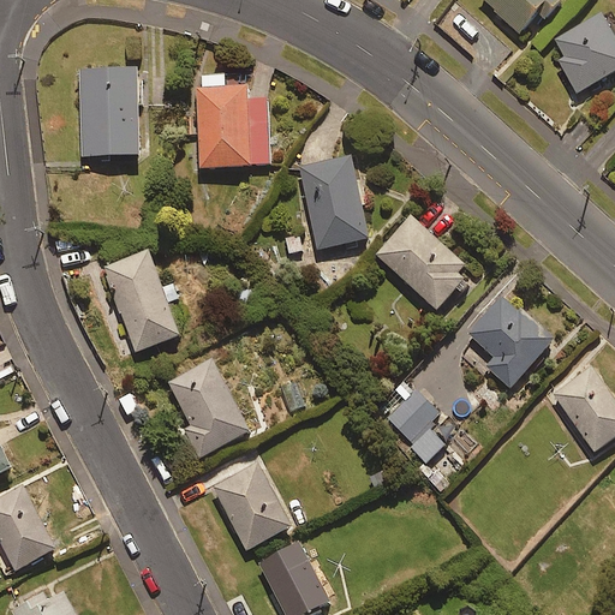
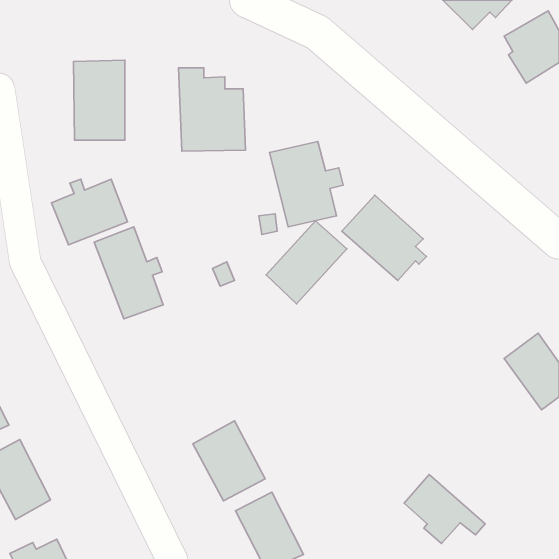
building: none -> [52,179,128,245]
building: none -> [266,221,347,304]
building: [464,292,553,388] -> none
building: [167,358,249,458] -> none
building: [387,389,476,465] -> [404,475,485,544]

